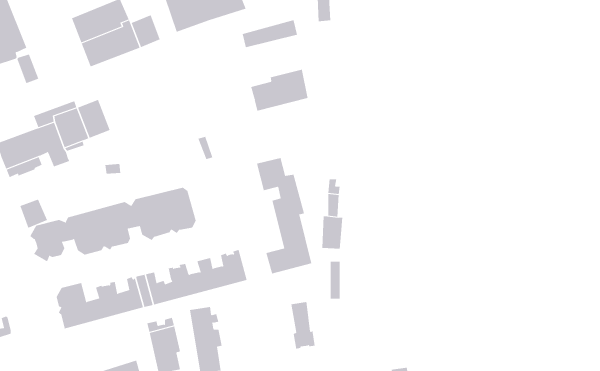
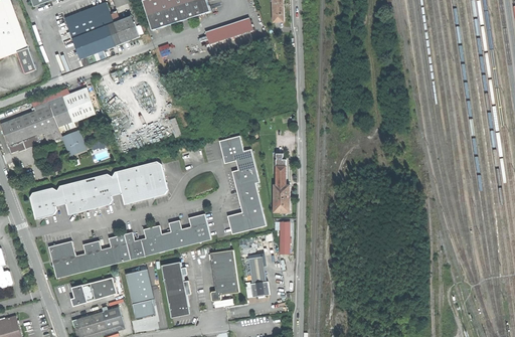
building: [251,69,308,111] -> none
building: [19,199,48,229] -> [60,130,84,155]
building: none -> [209,249,238,299]
building: none -> [70,278,116,307]

